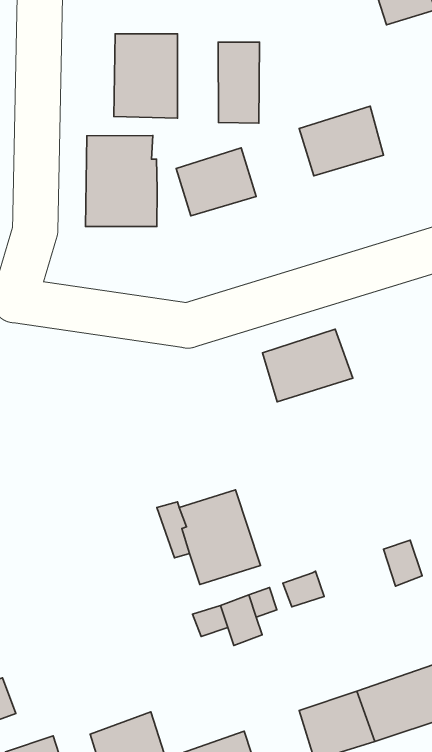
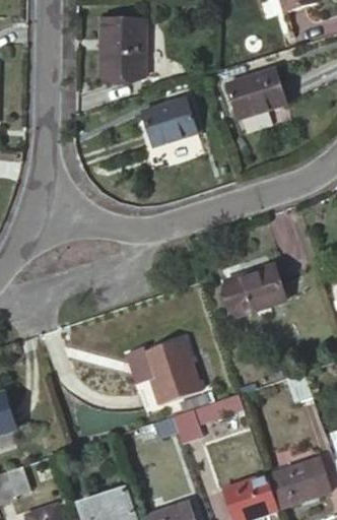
building: [218,42,260,123] -> none
building: [86,136,157,227] -> none
building: [262,329,353,402] -> [222,264,284,314]

